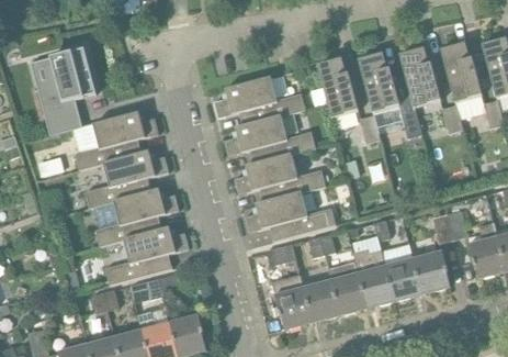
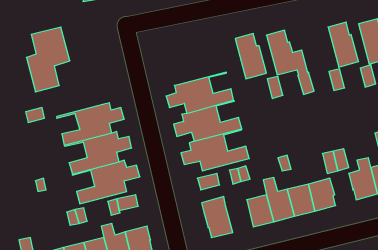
building: [398,46,440,107] -> none
building: [214,75,304,124] -> none
building: [74,111,158,167] -> none
building: [303,278,340,322] -> none

